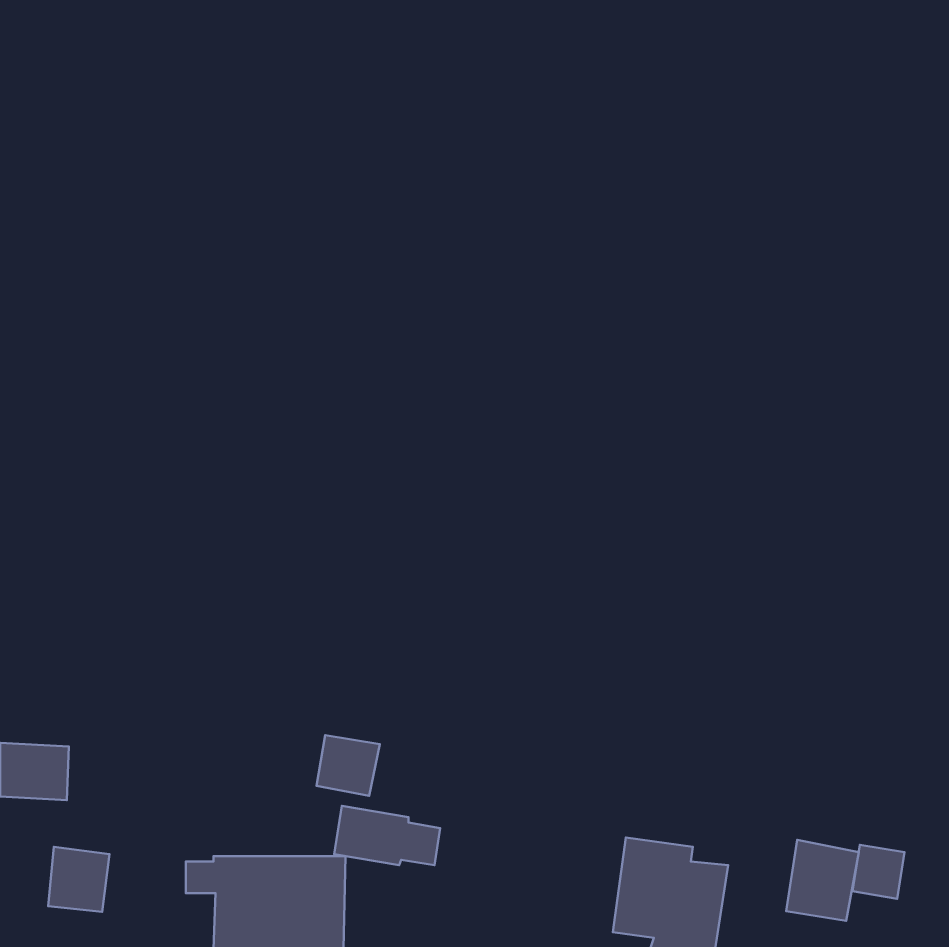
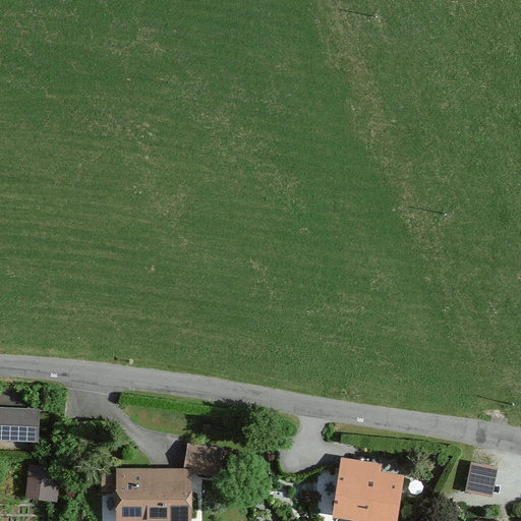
building: [317,735,380,796] -> none
building: [786,840,859,921] -> none

